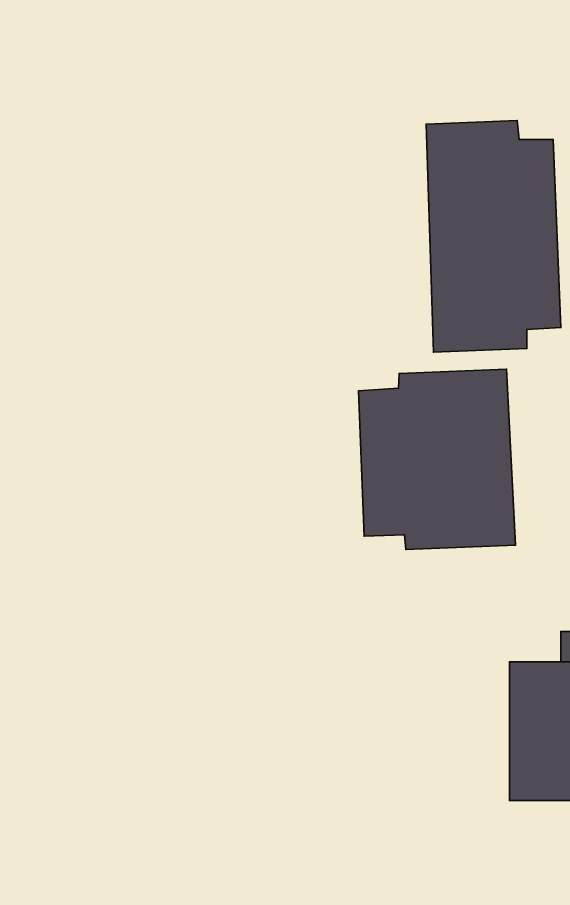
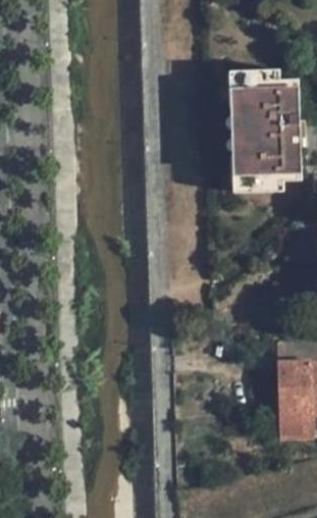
building: [358,369,515,550] -> none

